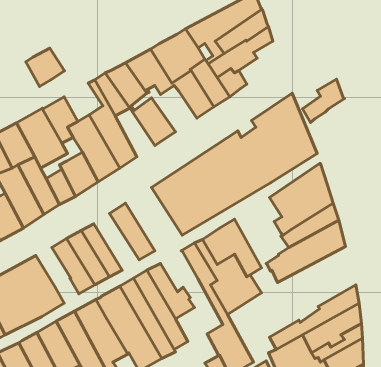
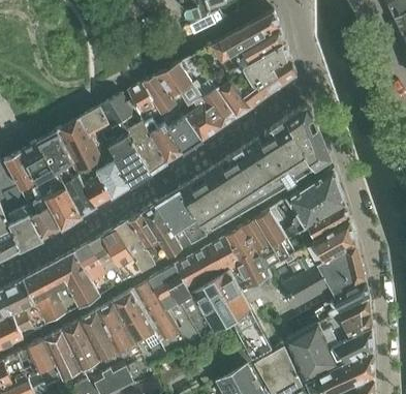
building: [26,48,64,87] -> [99,96,134,131]
building: [302,79,344,122] -> [258,58,296,97]
building: none -> [184,103,220,141]
building: none -> [146,119,182,163]
building: none -> [155,191,207,249]
building: none -> [254,211,294,264]
building: none -> [126,215,167,267]
building: none -> [279,245,365,311]
building: none -> [73,246,105,282]
building: none -> [187,249,244,334]

